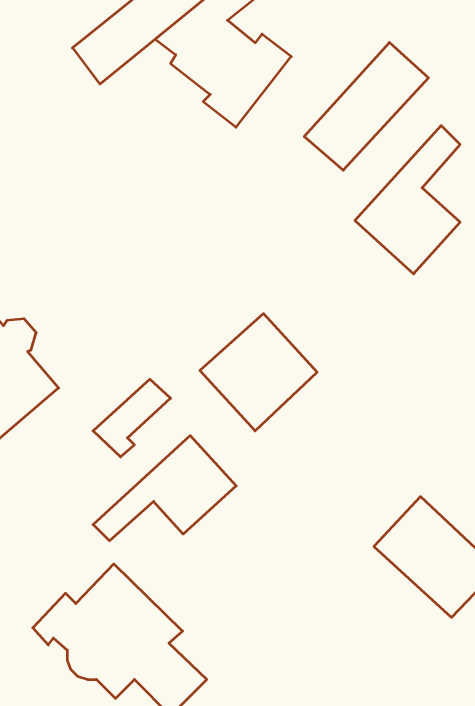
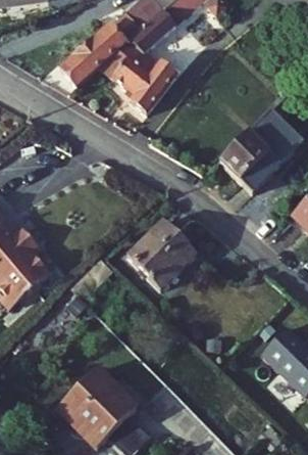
building: [304,42,428,170] -> none
building: [93,436,236,541] -> none

